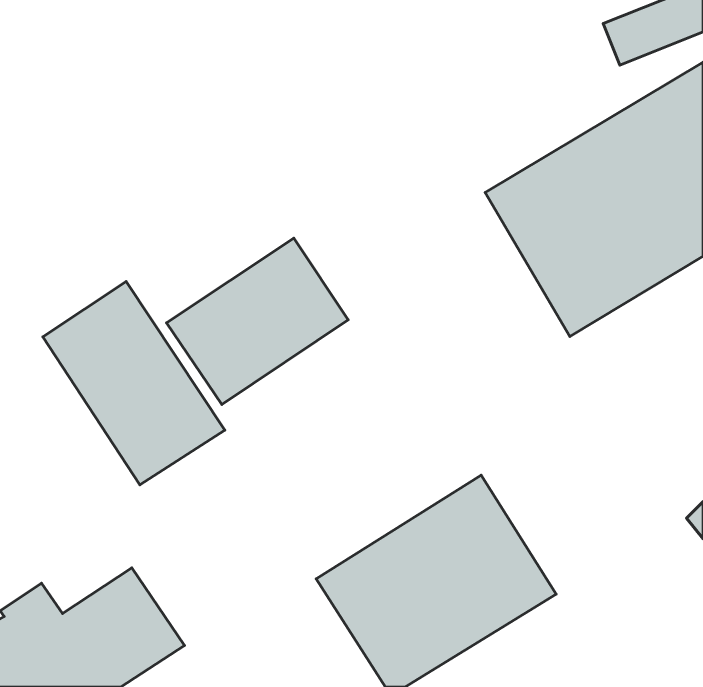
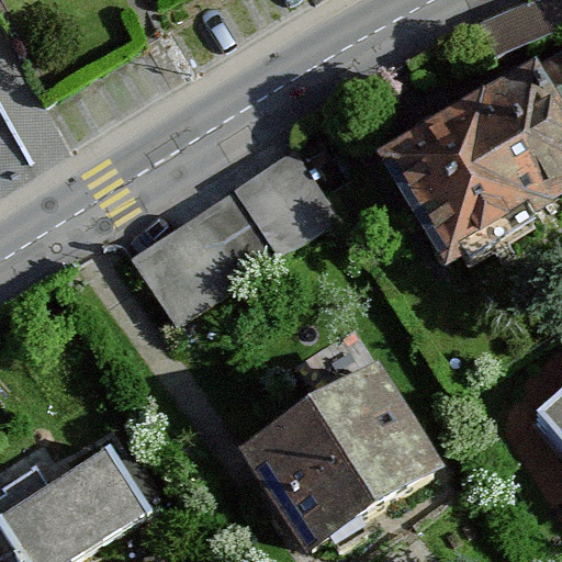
building: none -> [233,147,338,254]
building: [43,281,225,485] -> none

